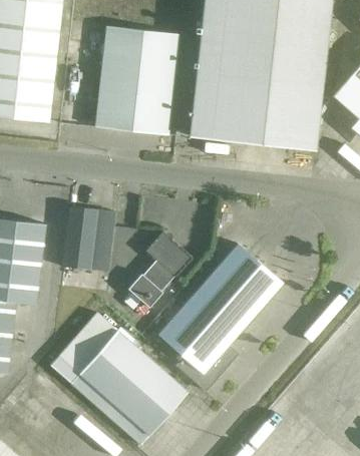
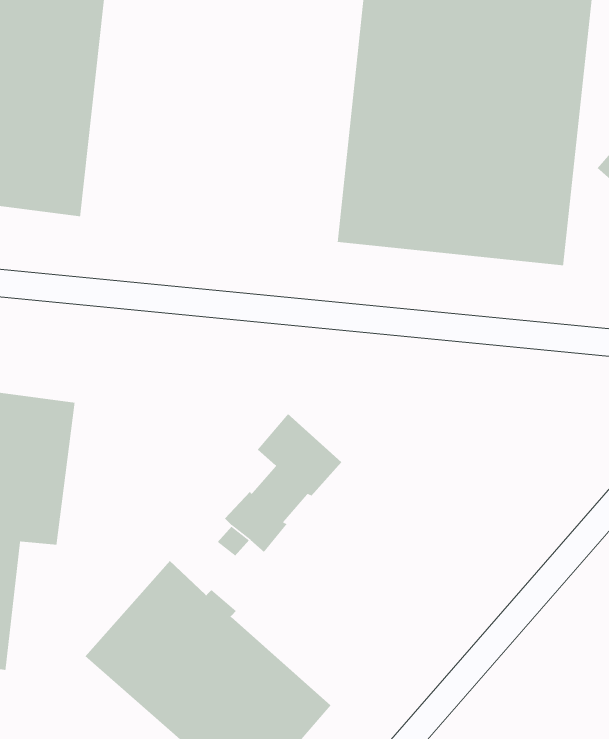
building: [95,26,179,135] -> none
building: [62,205,114,272] -> none
building: [158,244,284,391] -> none

